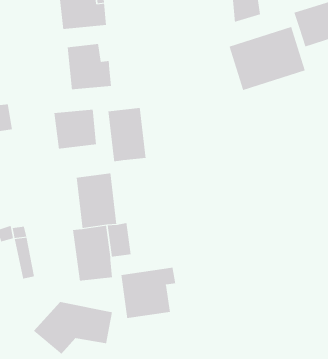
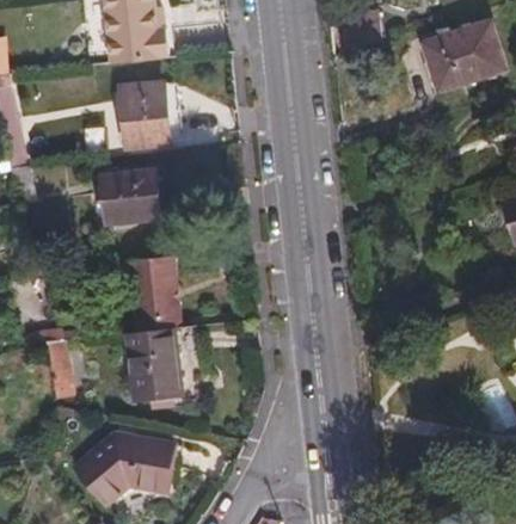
building: [229,26,305,91] -> none
building: [108,107,146,162] -> none
building: [121,267,176,319] -> none

